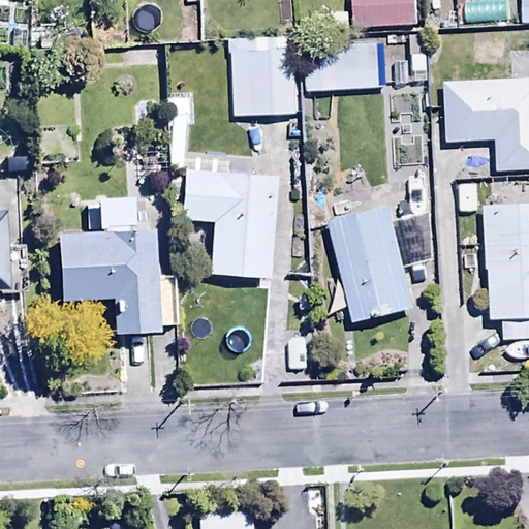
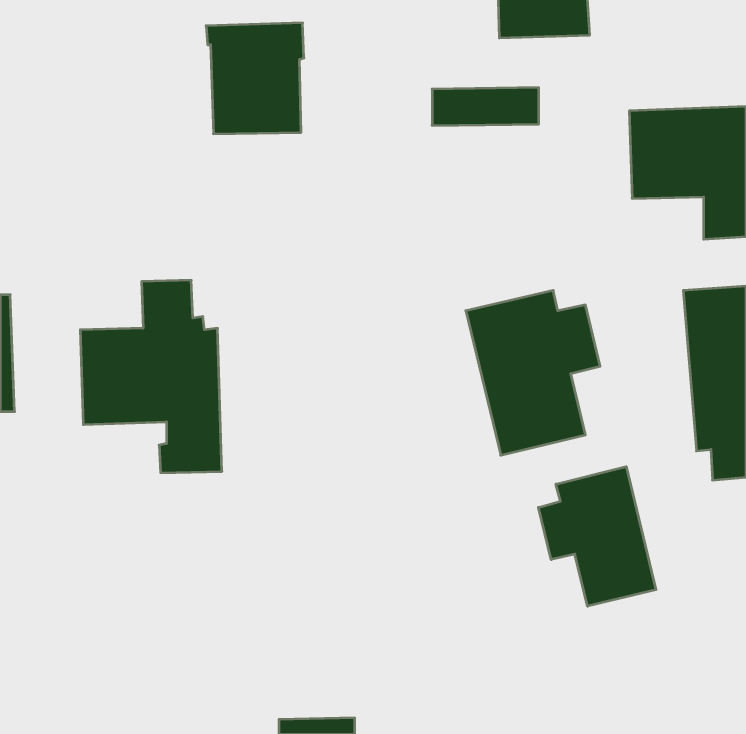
building: [230,36,300,115] -> [206,23,304,134]
building: [182,169,277,279] -> none
building: none -> [538,467,656,606]

